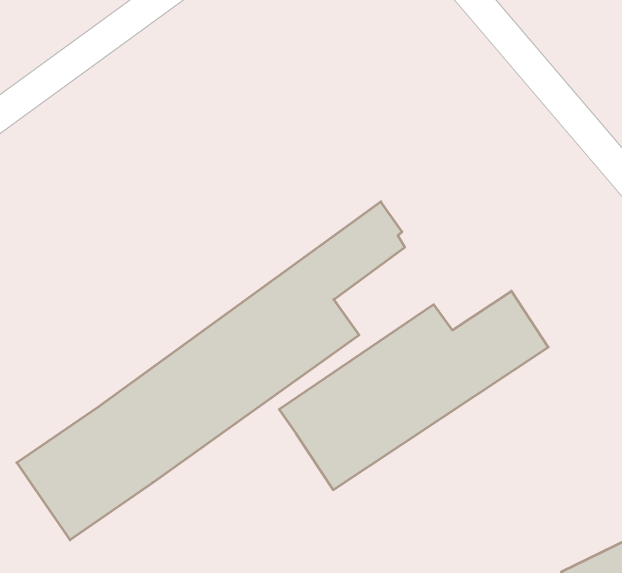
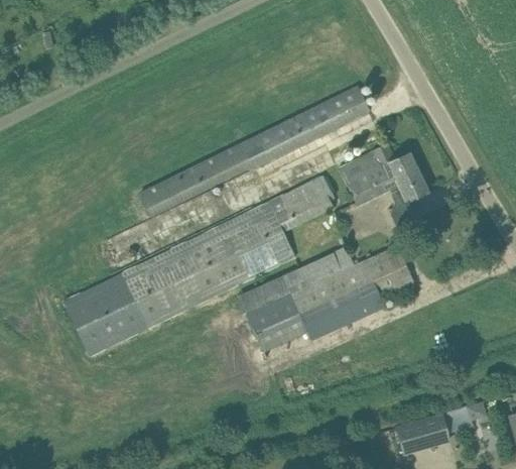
building: none -> [140,86,369,212]
building: none -> [340,144,427,214]

